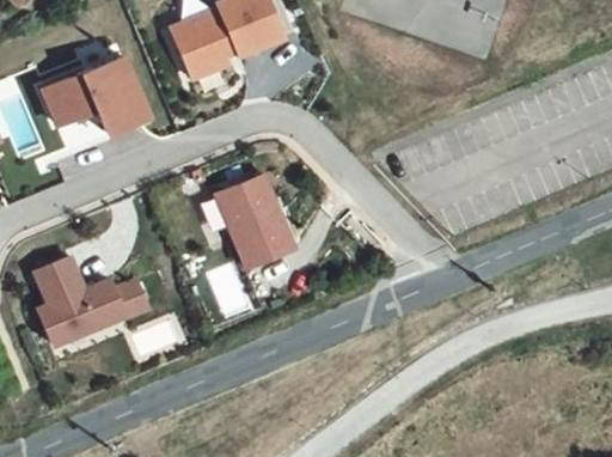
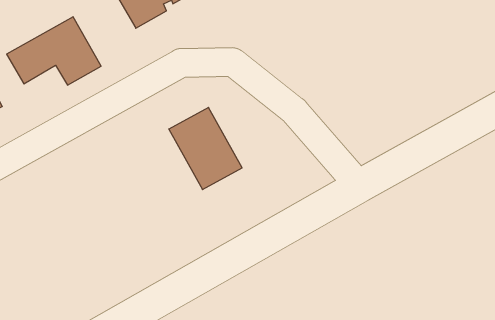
building: [35,256,148,345] -> none

